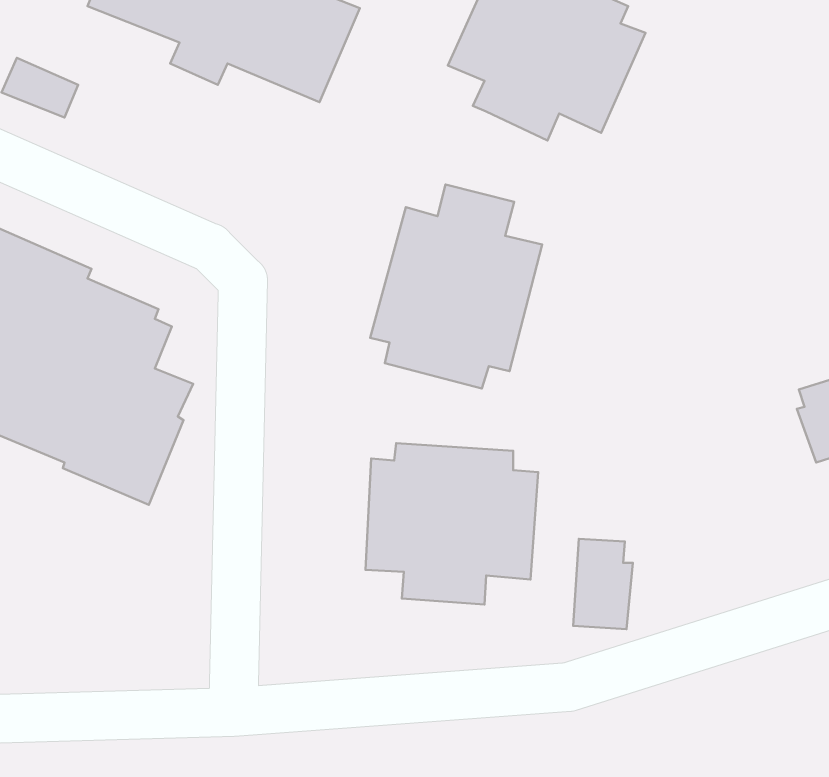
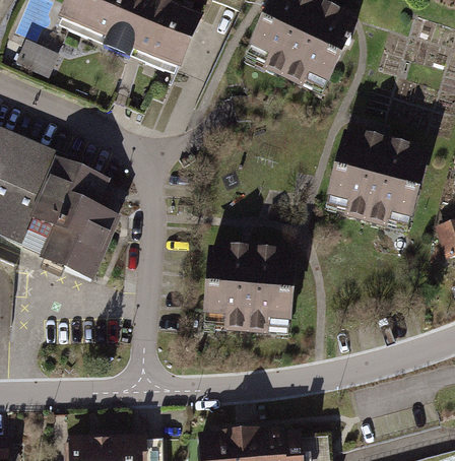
building: [370,184,542,388] -> none
building: none -> [330,136,431,227]
building: [573,539,633,629] -> none

